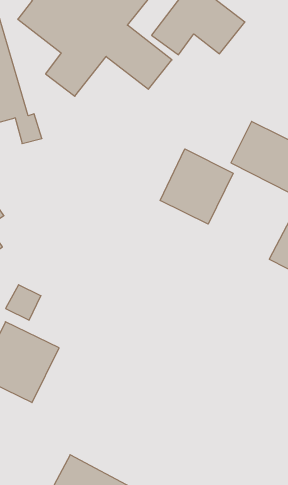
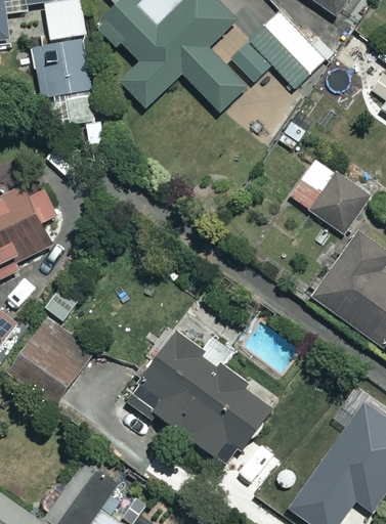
building: [160,149,233,224] -> none
building: none -> [125,332,270,464]

